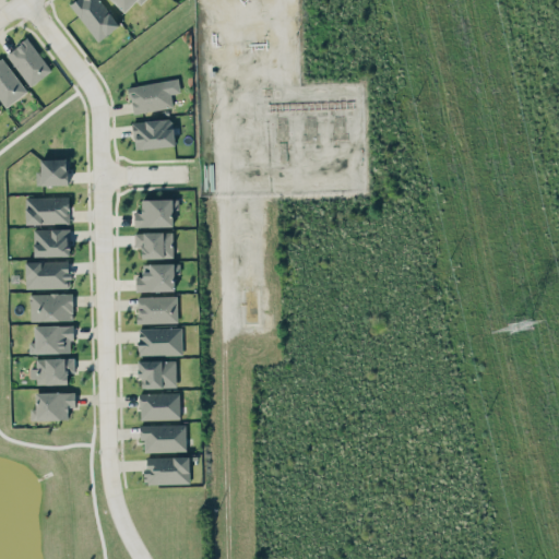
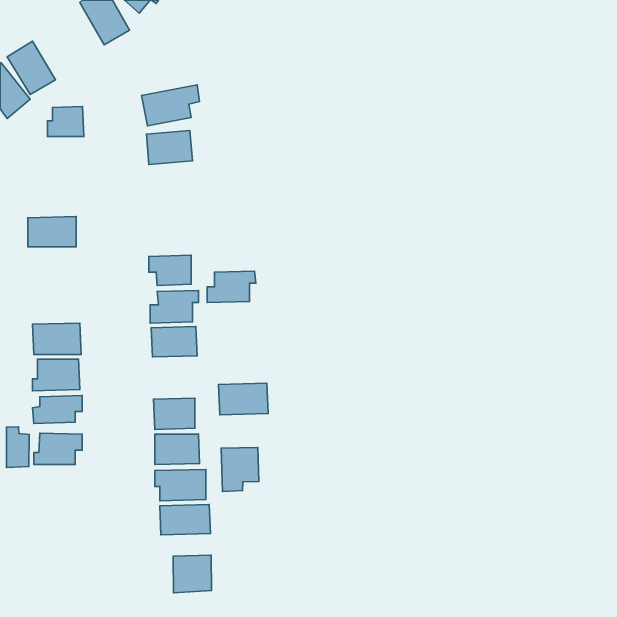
building: [37,158,70,186] -> [47,106,84,137]
building: [135,199,179,227] -> [207,271,256,303]
building: [34,228,71,257] -> none
building: [26,261,71,289] -> none
building: [139,328,183,356] -> [219,383,268,415]
building: none -> [6,427,29,467]
building: none -> [221,447,259,492]
building: none -> [173,555,212,593]

